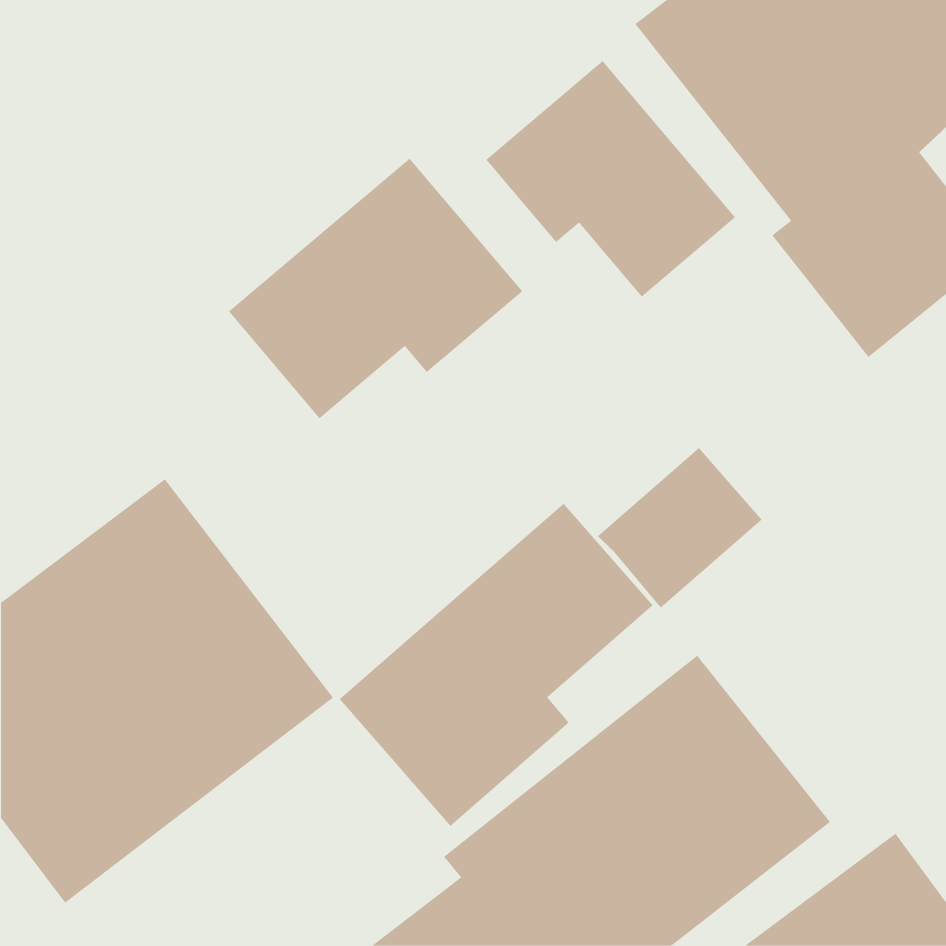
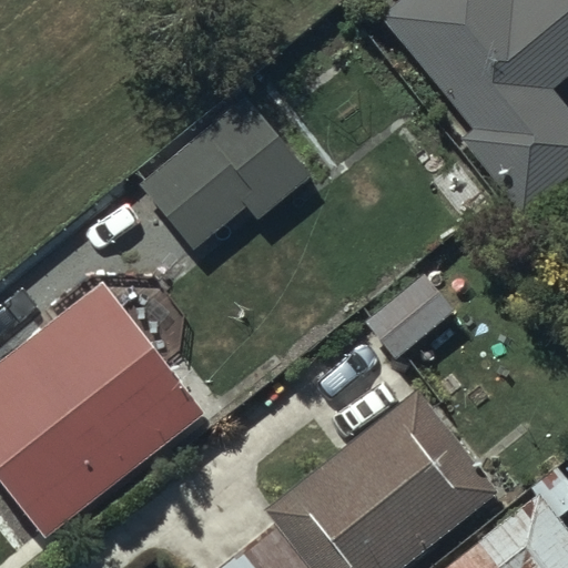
building: [485,60,736,297] -> none
building: [339,503,654,827] -> none

